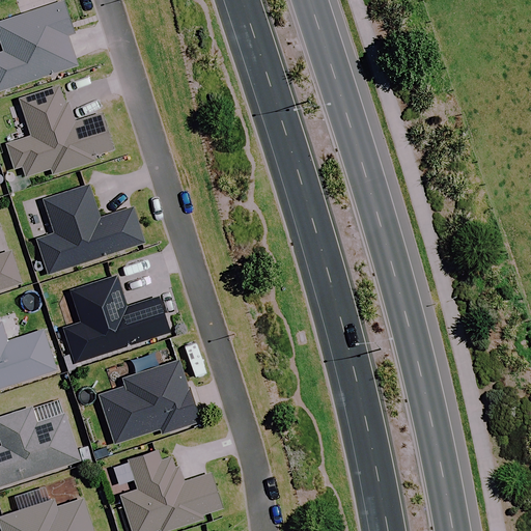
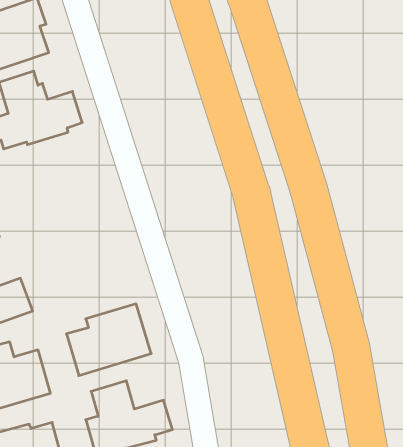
building: [36,185,142,273] -> none
building: [63,276,170,365] -> none

